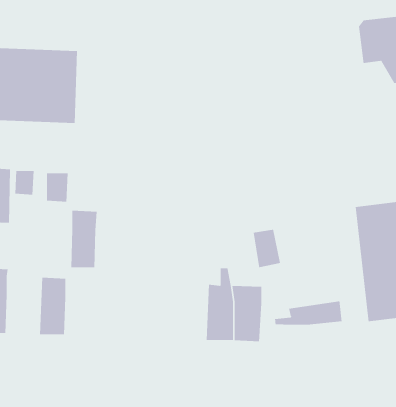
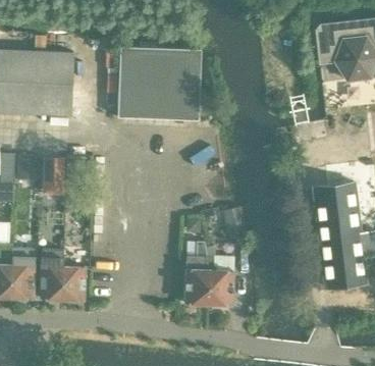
building: none -> [118,48,202,121]
building: [70,210,97,268] -> [11,249,35,299]
building: none -> [62,267,85,301]
building: [275,301,342,326] -> none

